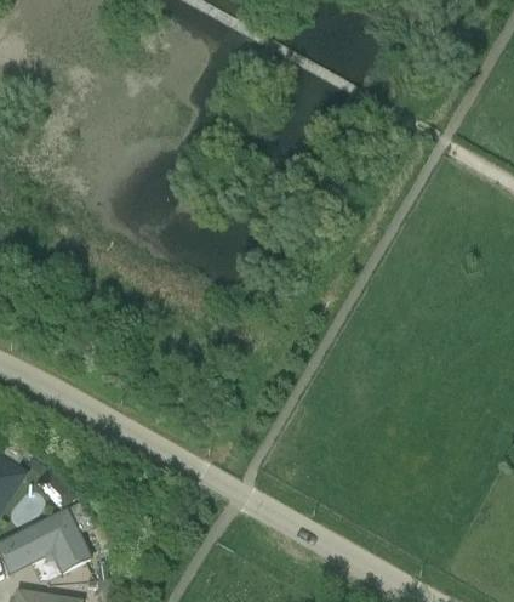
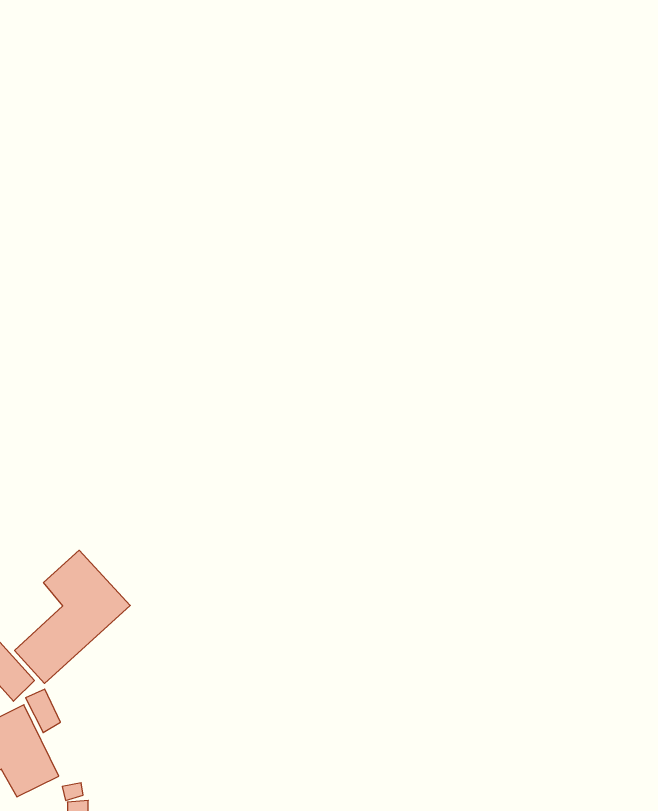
building: none -> [15,550,130,683]

